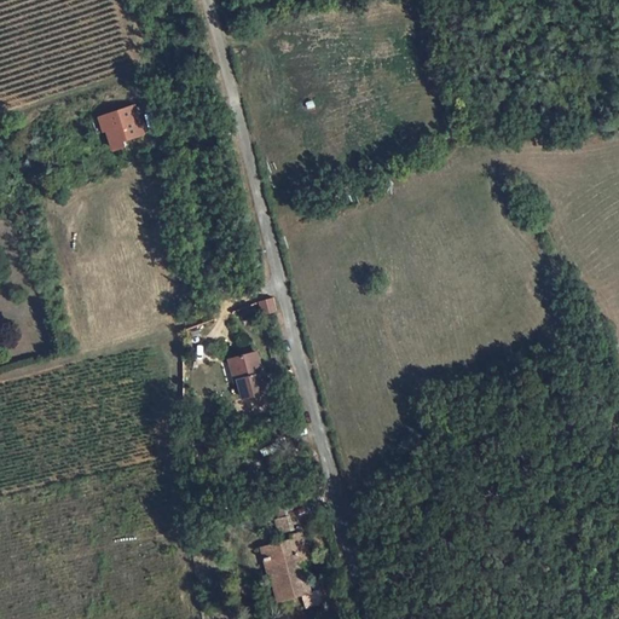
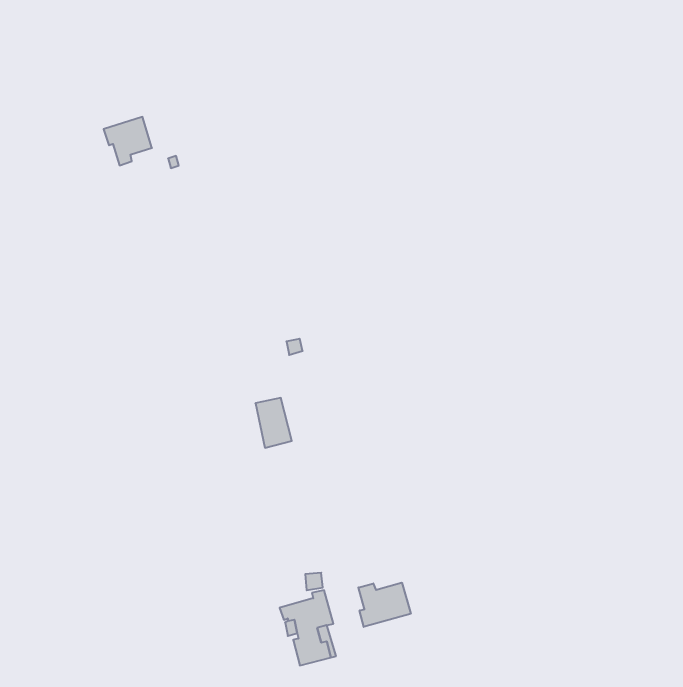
building: none -> [358,583,411,627]

